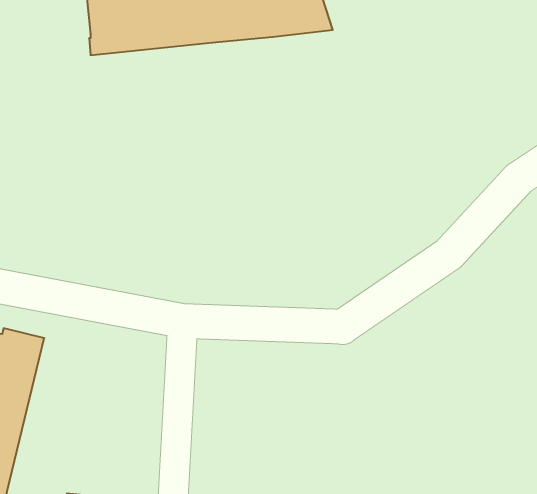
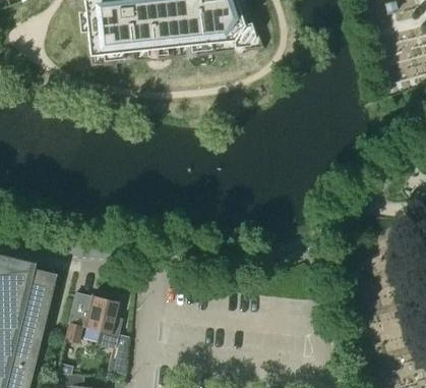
building: none -> [64,292,128,372]

